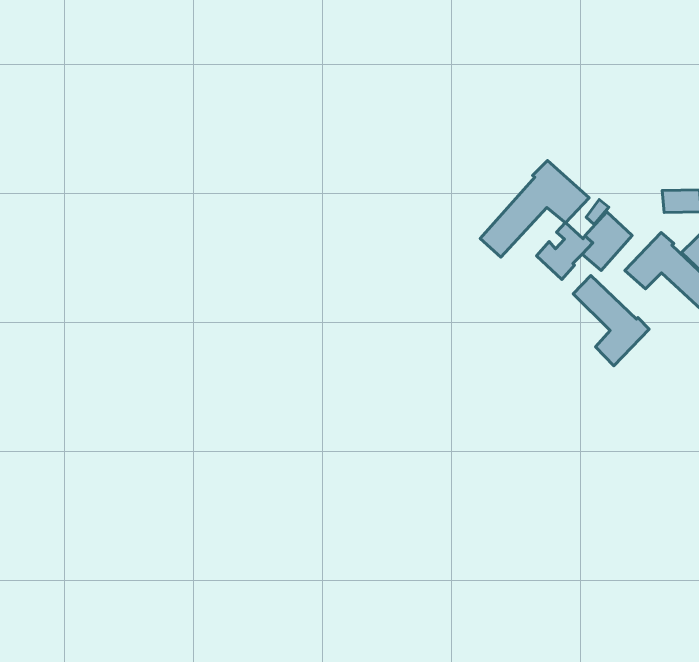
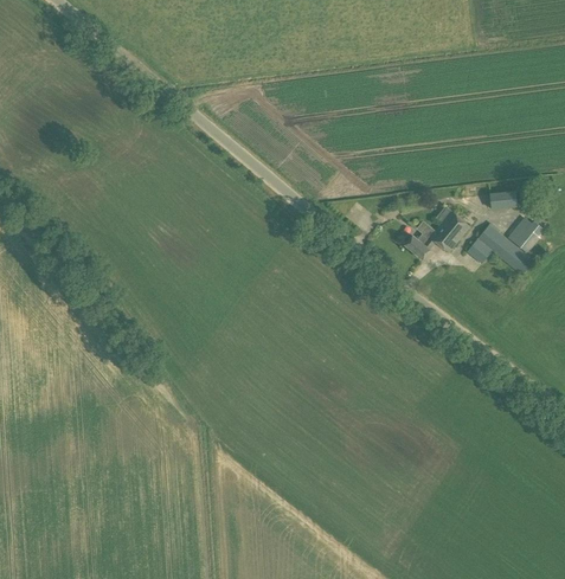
building: [480,160,589,257] -> none
building: [573,276,649,366] -> none

